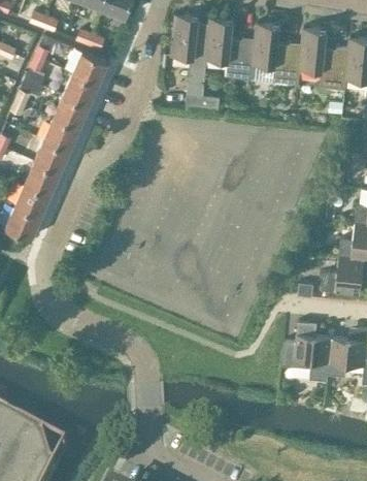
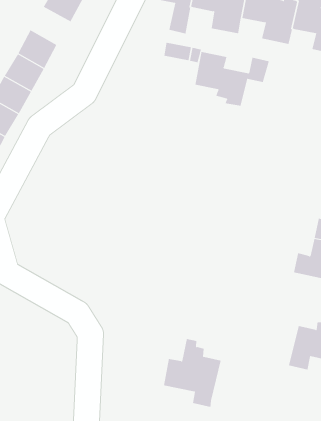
building: [63,72,99,105] -> none
building: none -> [195,51,269,106]
building: [281,320,332,380] -> [163,339,222,407]

